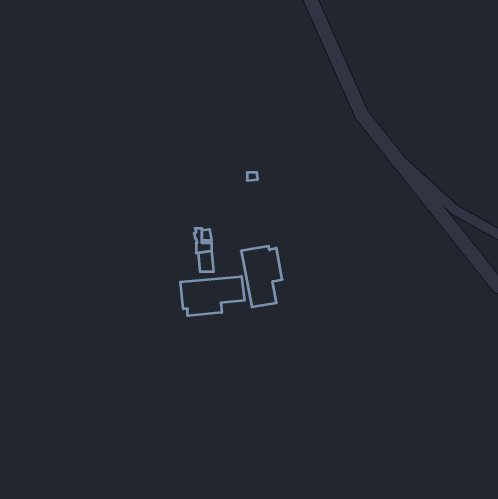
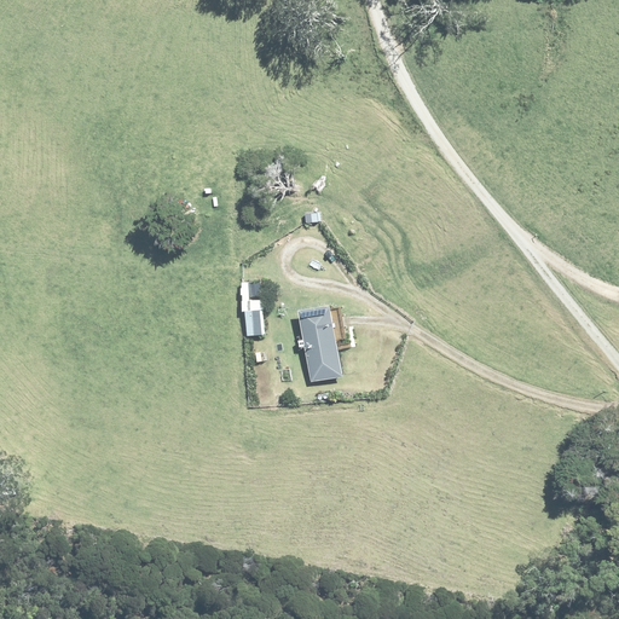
building: [180,276,244,316] -> none

